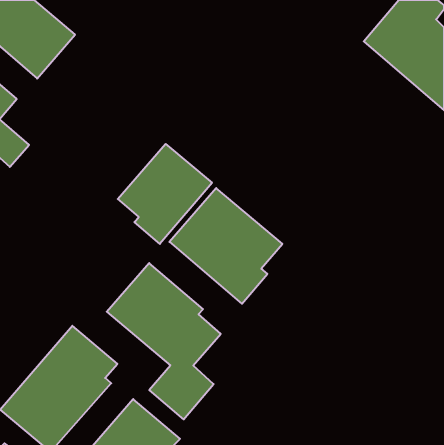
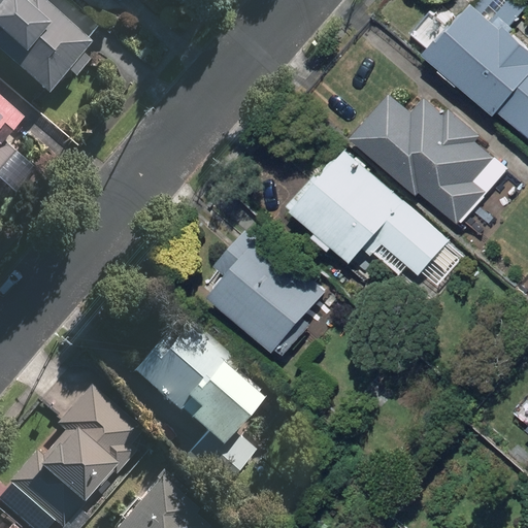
building: none -> [353,95,507,230]
building: none -> [287,145,452,279]
building: [118,144,212,244] -> none

